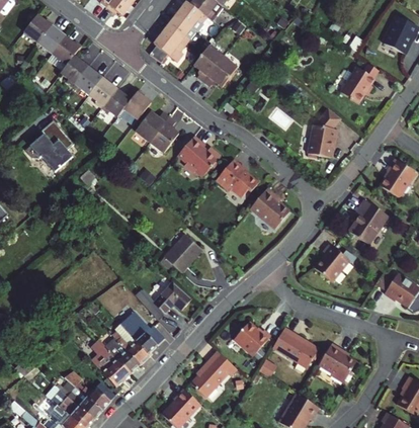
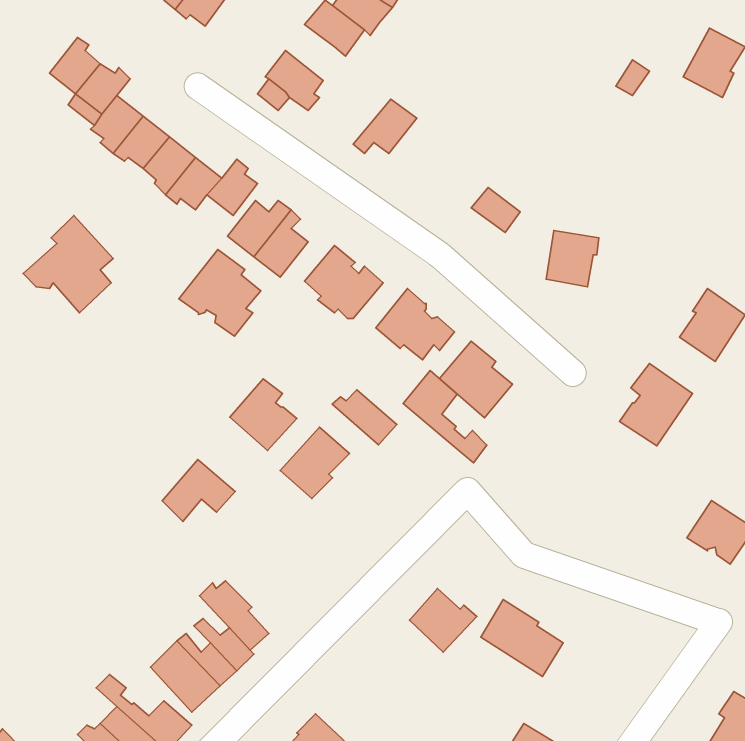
building: [25,14,55,42] -> none
building: [167,16,193,47] -> none
building: [194,45,224,81] -> none
building: [340,59,378,104] -> none
building: none -> [179,249,261,336]
building: none -> [403,371,487,463]
building: none -> [230,379,297,450]
building: none -> [332,390,397,445]
building: [314,244,349,282] -> none
building: [154,281,193,315] -> [162,460,235,522]
building: [318,343,355,382] -> none
building: [190,351,237,398] -> none

